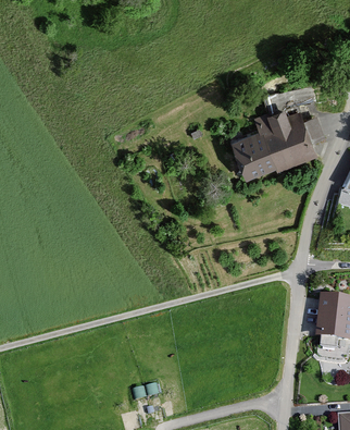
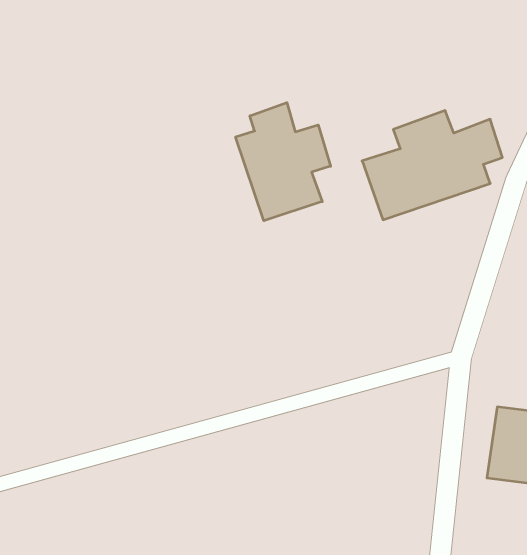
building: none -> [236,103,331,221]

